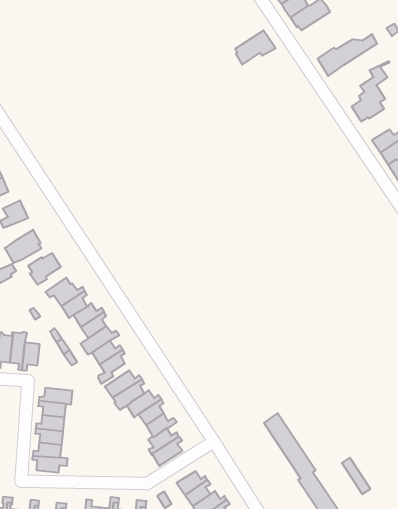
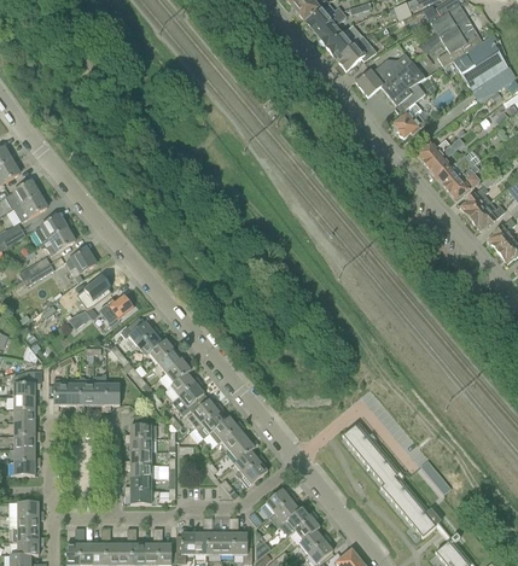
building: [235,30,276,65] -> [337,35,376,70]
building: none -> [380,60,424,112]

